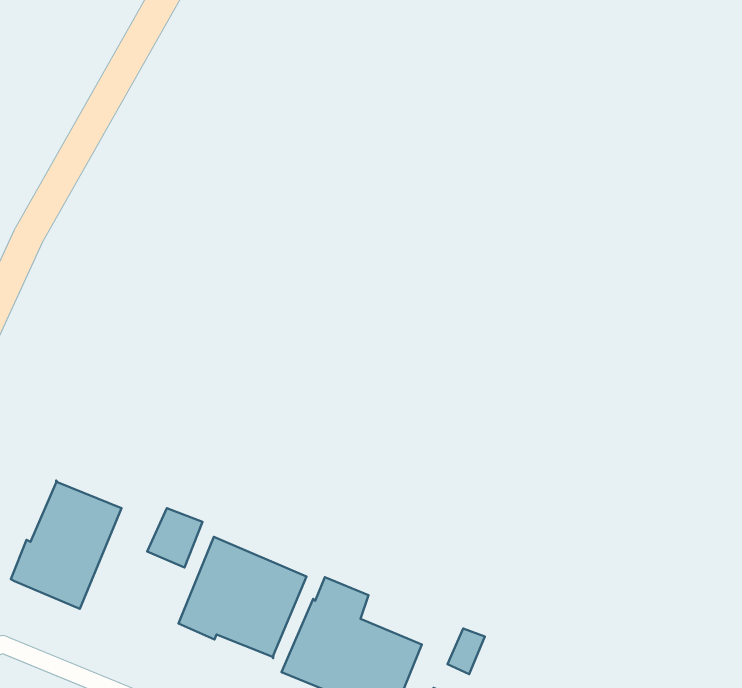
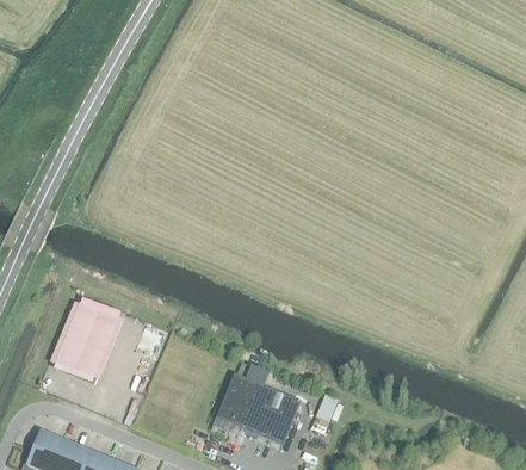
building: [179,537,307,658] -> none

